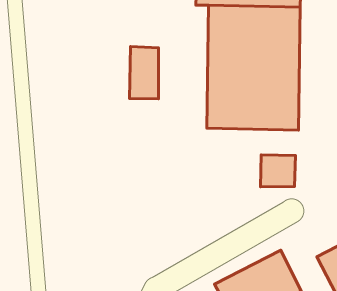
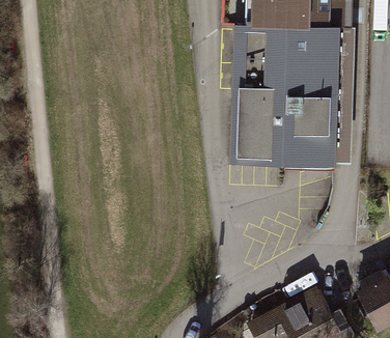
building: [130,47,158,99] -> none
building: [261,155,295,187] -> none

